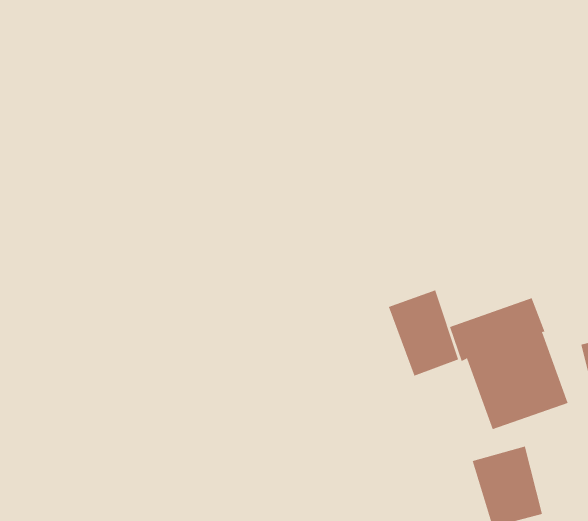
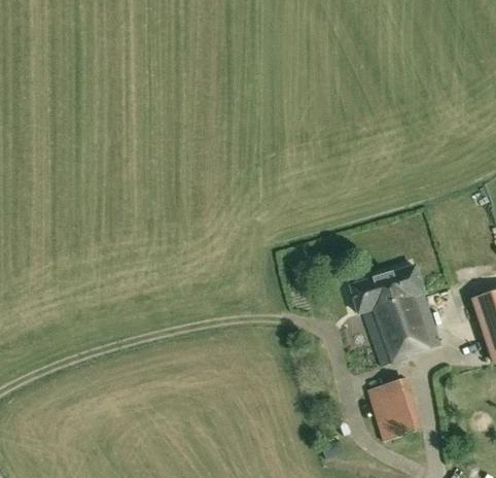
building: [388,290,459,376] -> none

